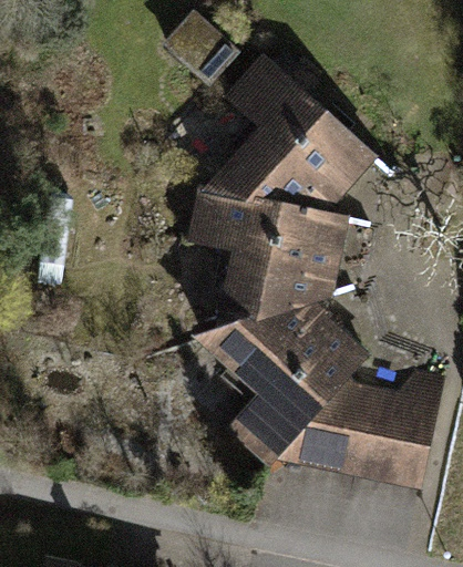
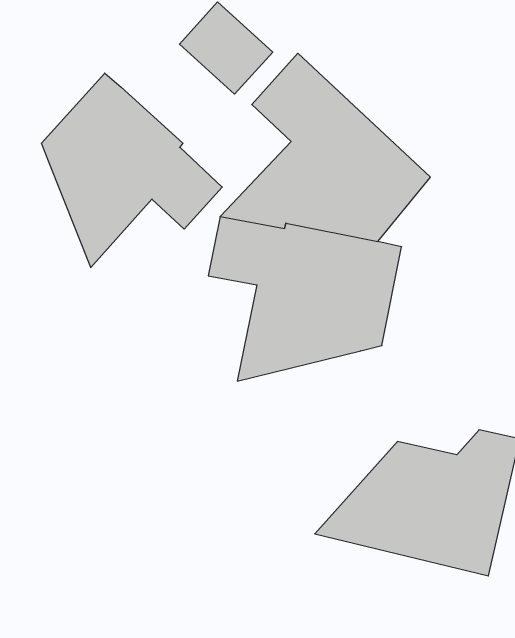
building: none -> [42,73,222,268]
building: [189,303,371,468] -> none

